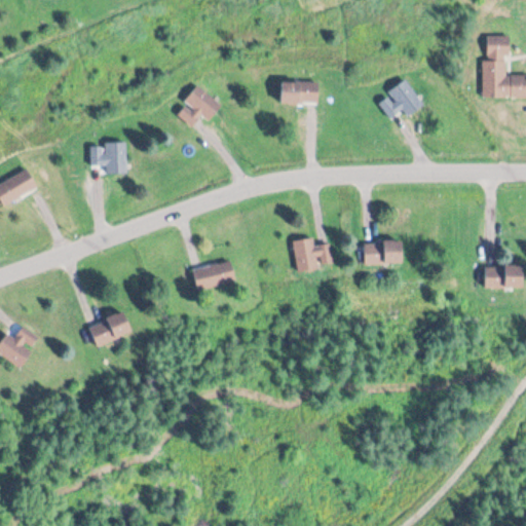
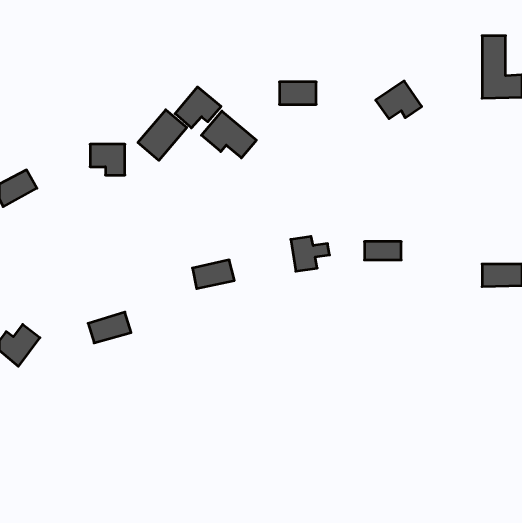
building: none -> [138,110,187,160]
building: none -> [201,111,256,158]

